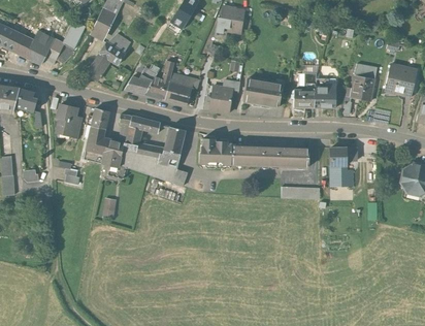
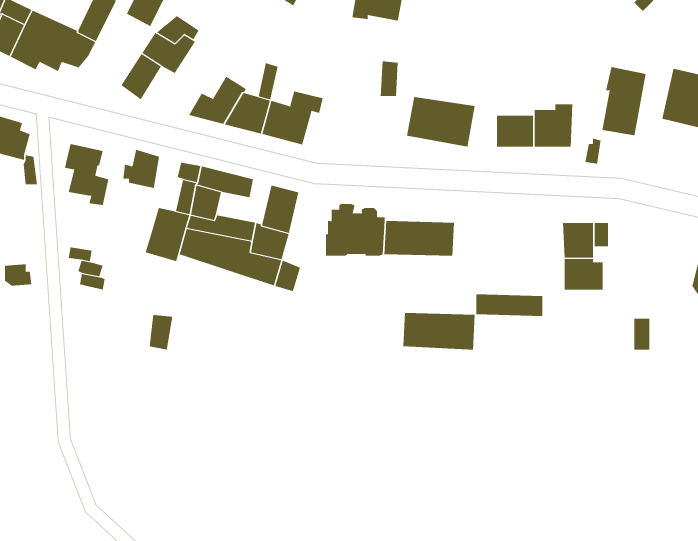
building: [208,85,233,112] -> none
building: [84,125,107,154] -> none
building: [269,148,309,168] -> [402,313,476,350]

